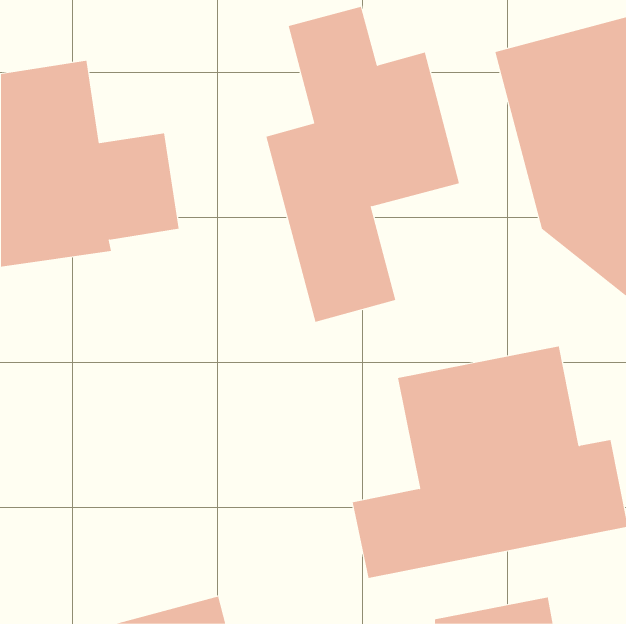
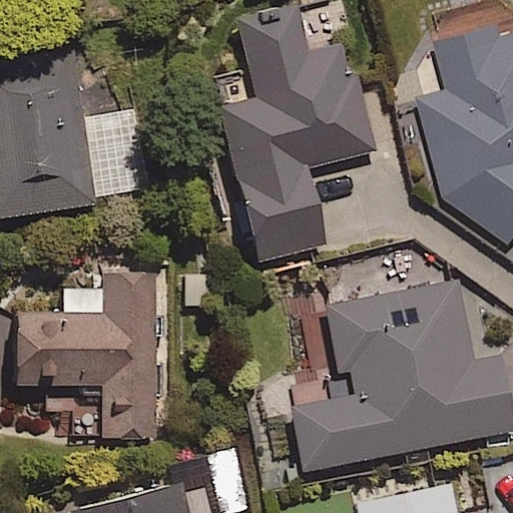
building: none -> [14,274,157,437]

